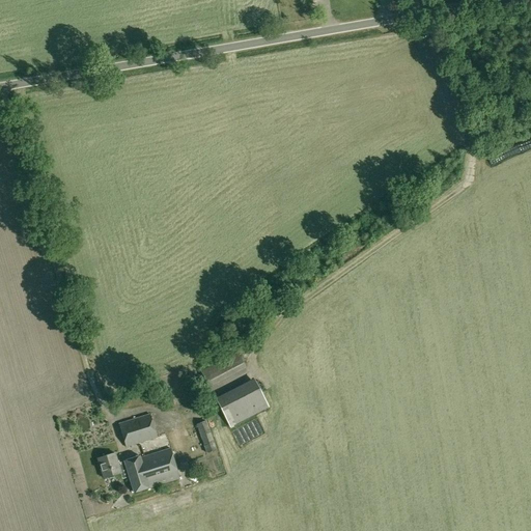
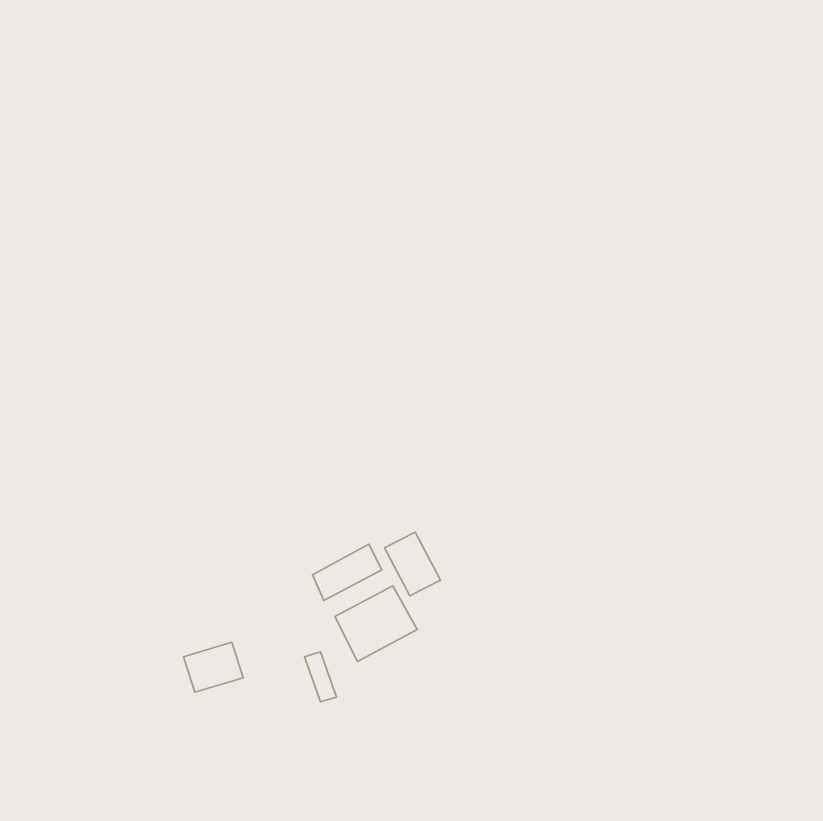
building: none -> [385,532,441,596]
building: [97,448,179,492] -> none

